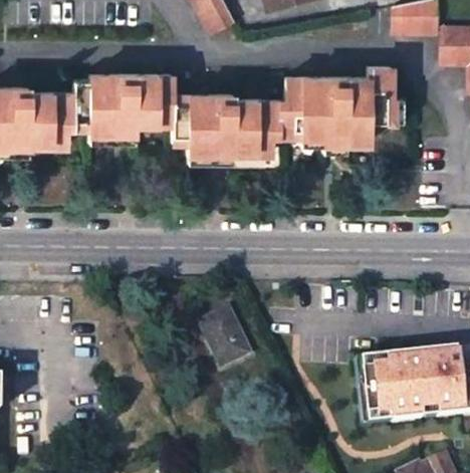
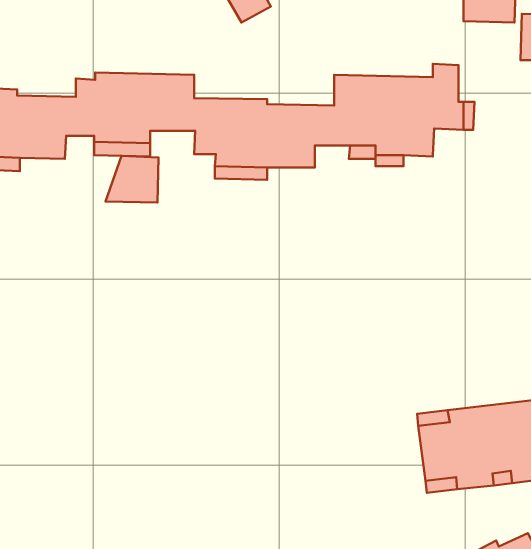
building: none -> [106,156,158,202]
building: [202,311,248,365] -> none

